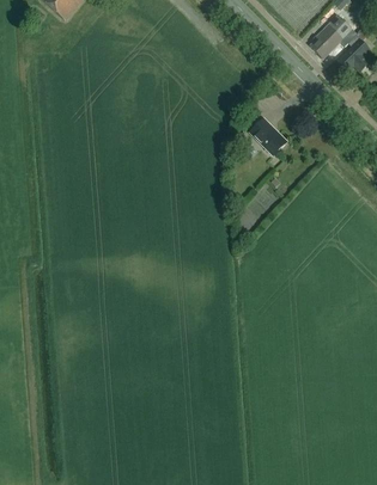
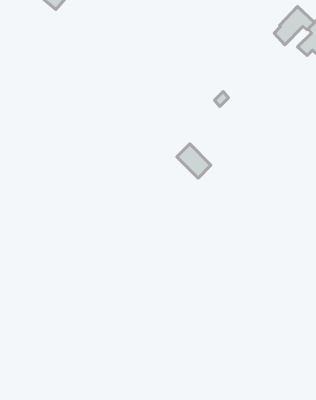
building: [249,116,287,154] -> [177,144,211,178]

